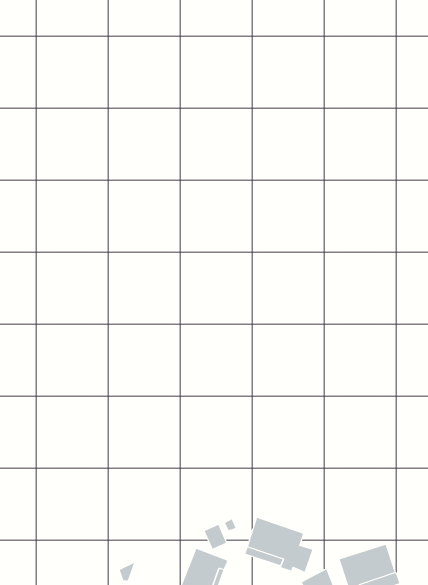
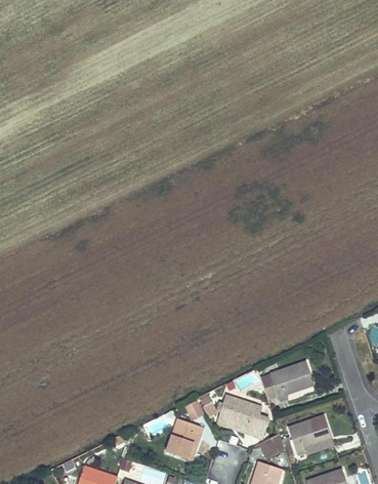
building: none -> [270,361,313,401]

